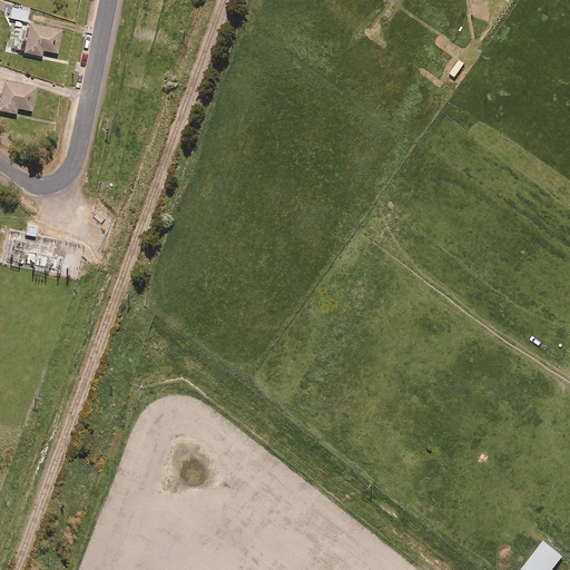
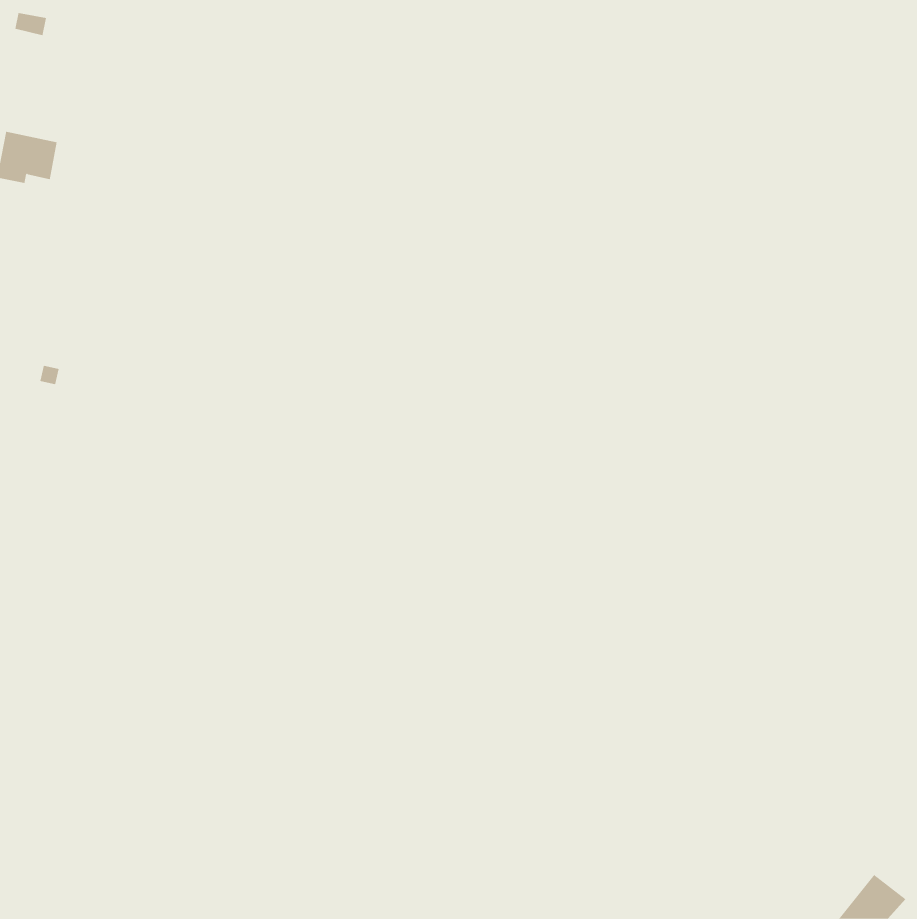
building: [22,23,61,57] -> none

